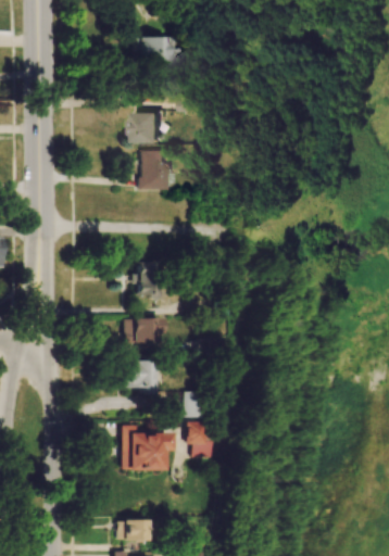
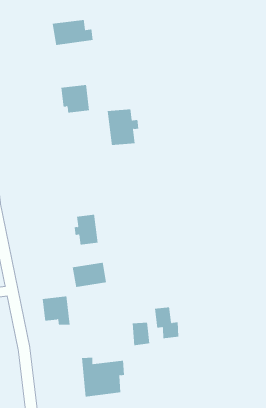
building: [141,149,176,190] -> [107,109,139,145]
building: [126,362,155,395] -> [42,296,71,325]
building: [187,421,213,457] -> [154,307,179,339]

